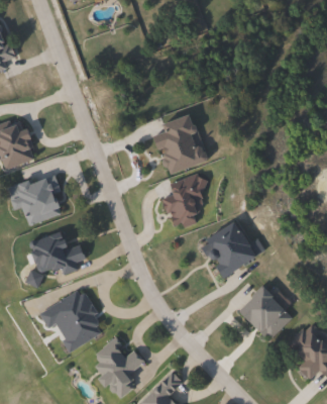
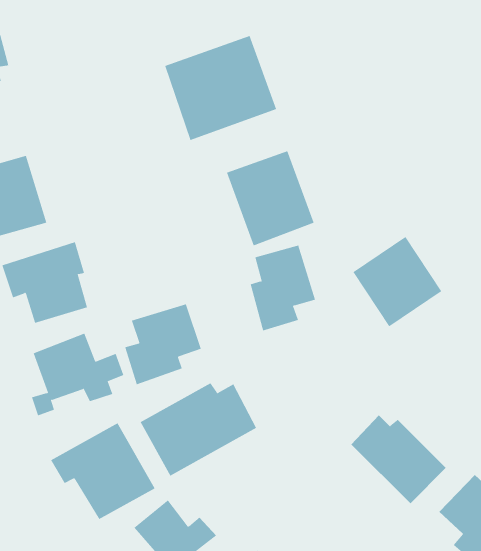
building: none -> [165,35,277,141]
building: none -> [124,303,202,385]
building: [199,220,256,279] -> [353,236,442,327]
building: none -> [140,382,257,477]

